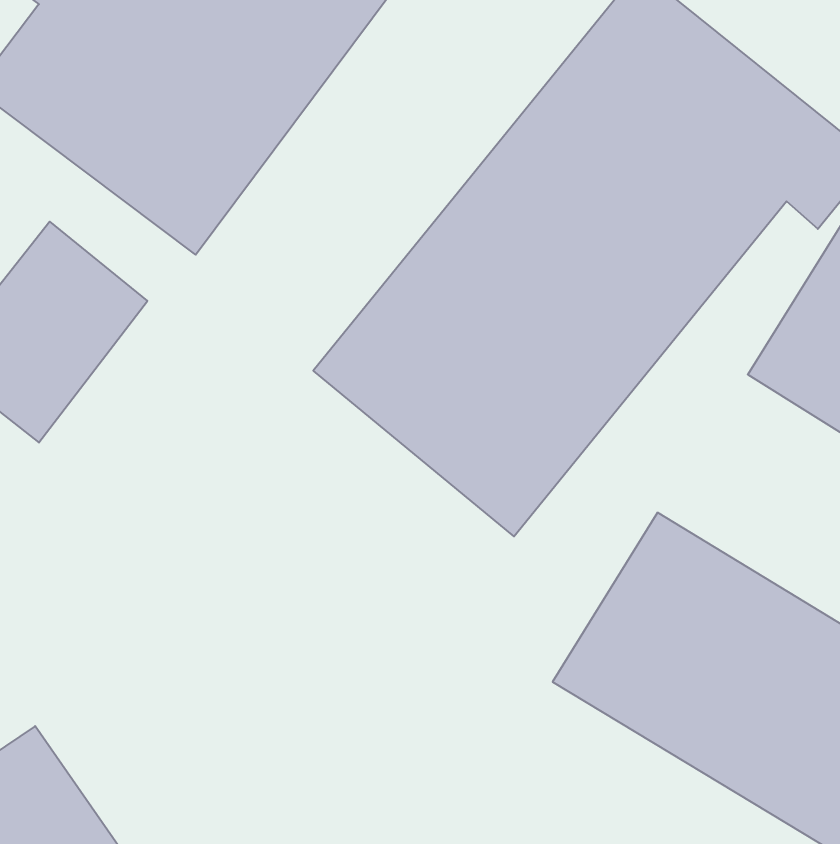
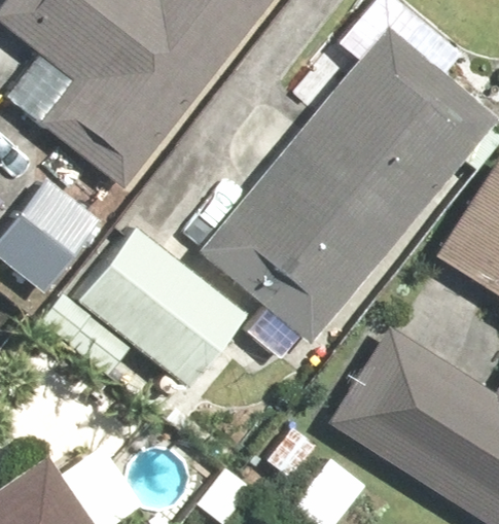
building: none -> [46,225,249,389]

